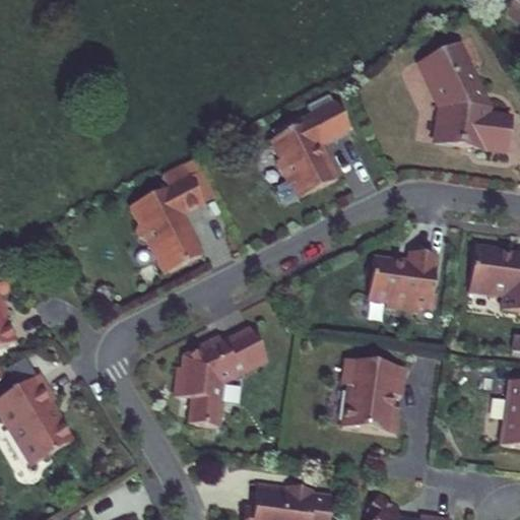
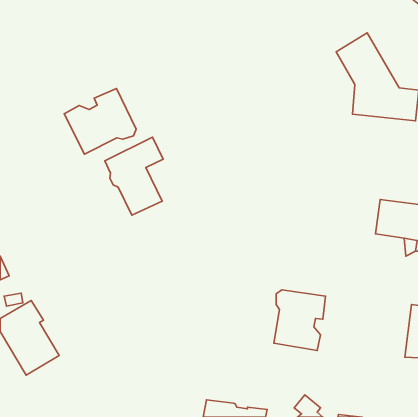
building: [274,103,350,190] -> none
building: none -> [64,88,136,154]
building: [366,251,436,311] -> none
building: [174,329,265,420] -> none

